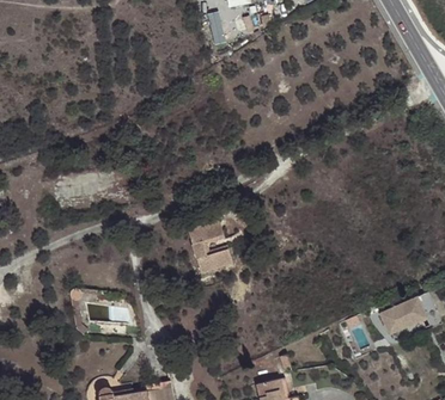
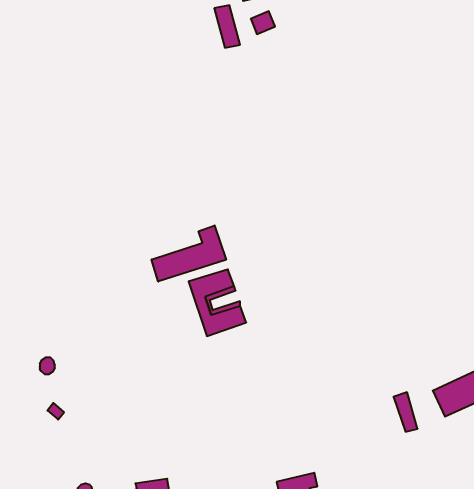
building: none -> [152,225,226,282]

